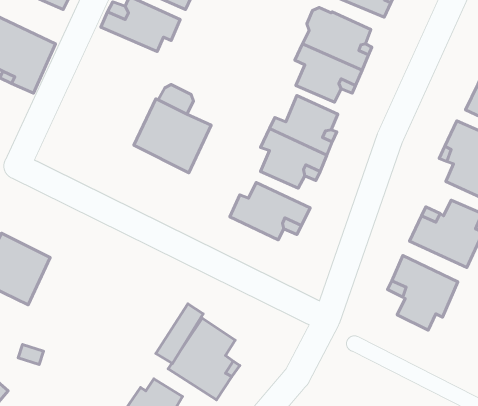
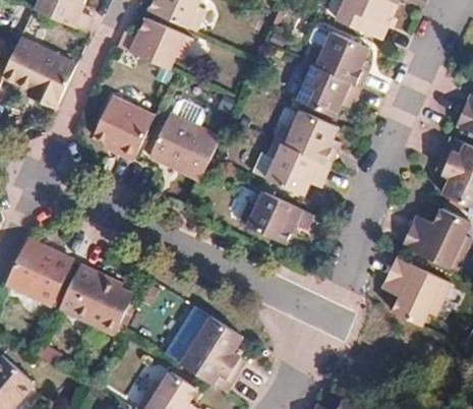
building: none -> [92,97,153,162]
building: none -> [56,261,130,333]

